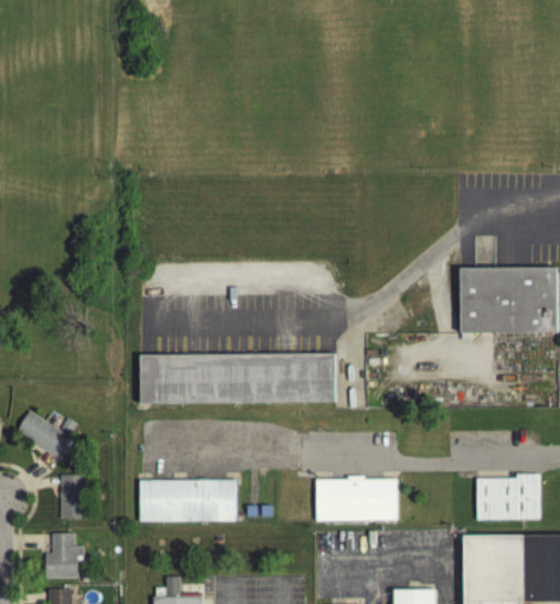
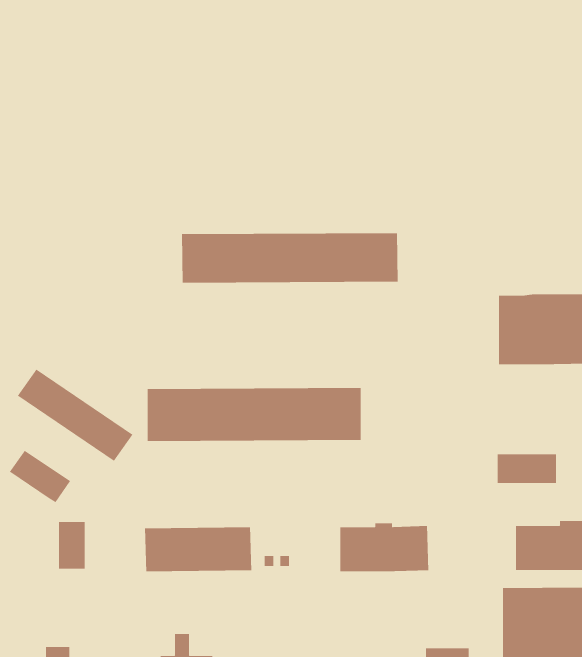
building: none -> [181,232,399,283]
building: none -> [17,369,133,462]
building: none -> [497,453,557,484]
building: [44,533,82,578] -> none

